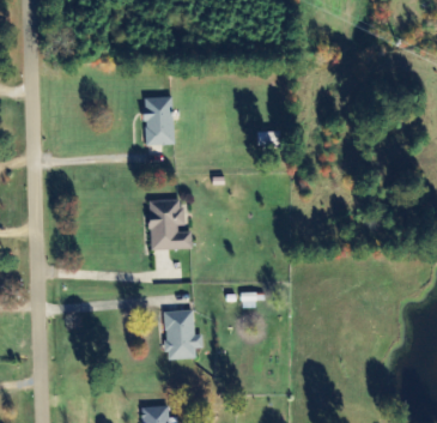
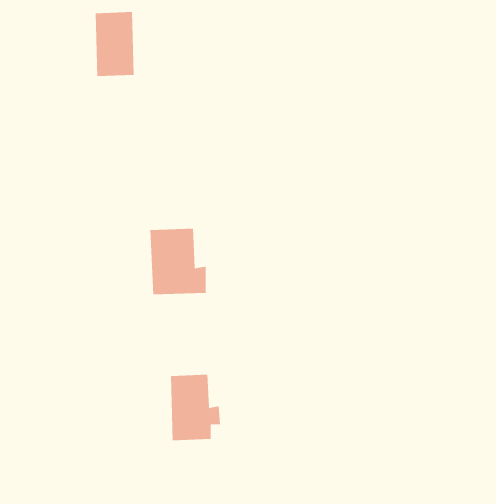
building: [144,96,174,145] -> [95,12,135,77]

